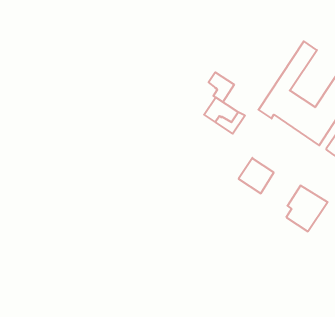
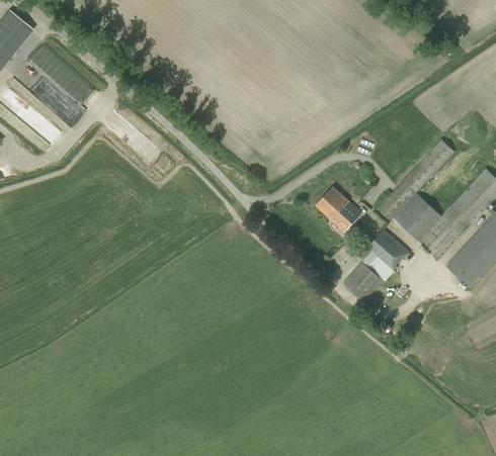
building: [209,72,234,102] -> none
building: [286,186,328,231] -> [362,229,411,281]

